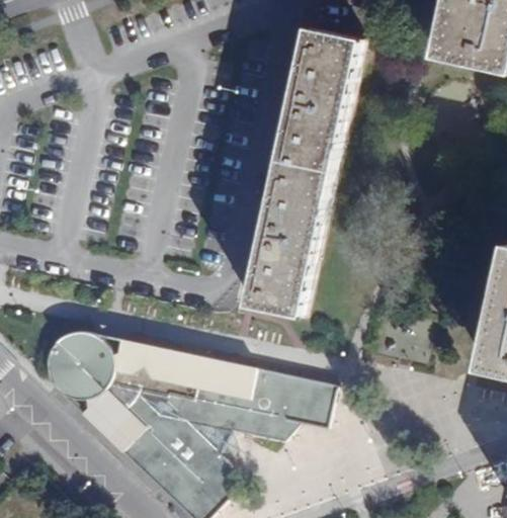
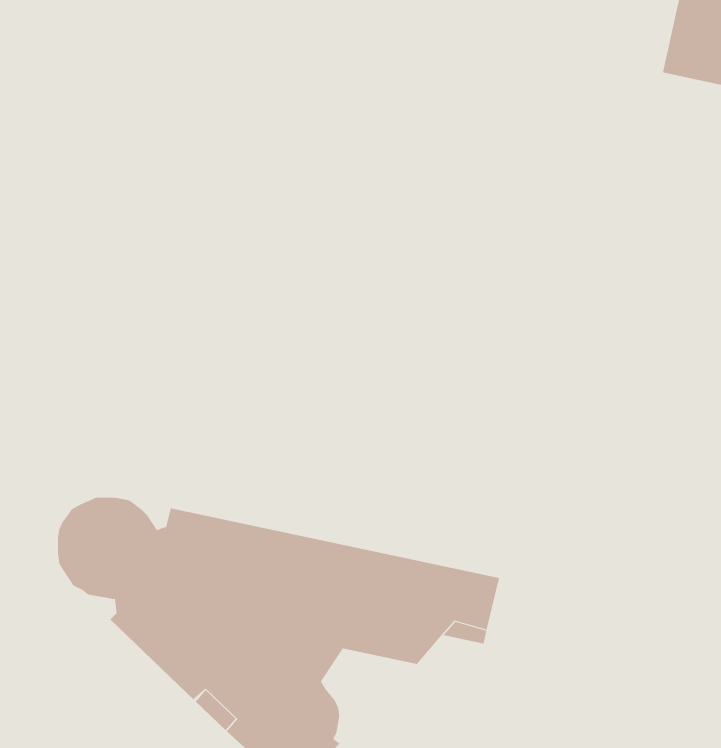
building: [248,26,361,314] -> none

